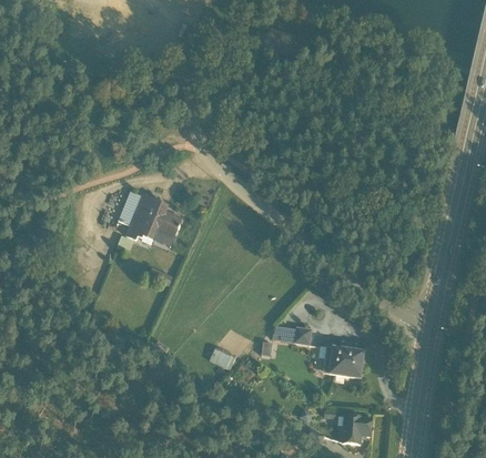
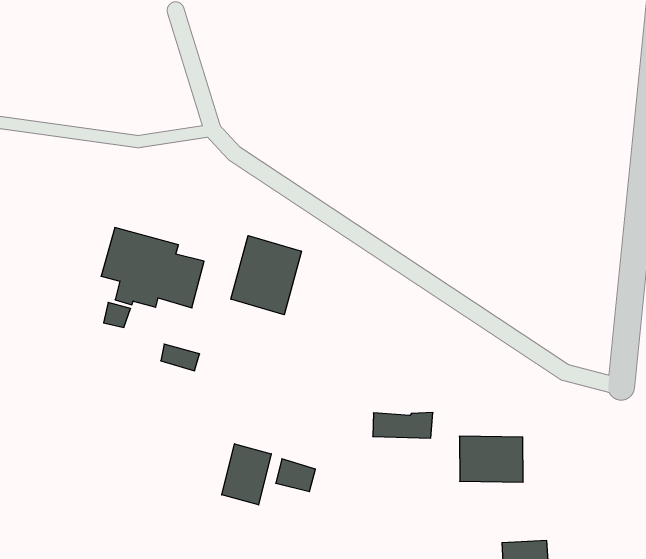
building: none -> [231,236,301,315]
building: none -> [222,444,271,505]

